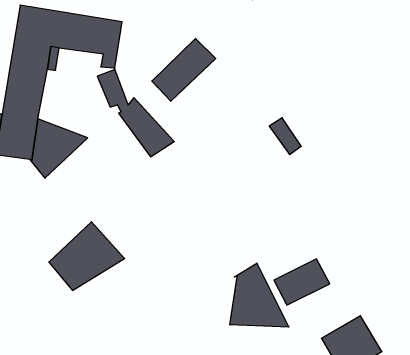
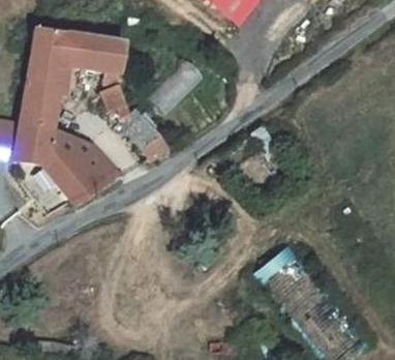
building: [49,222,125,290] -> [57,143,123,203]
building: [230,263,289,327] -> none

